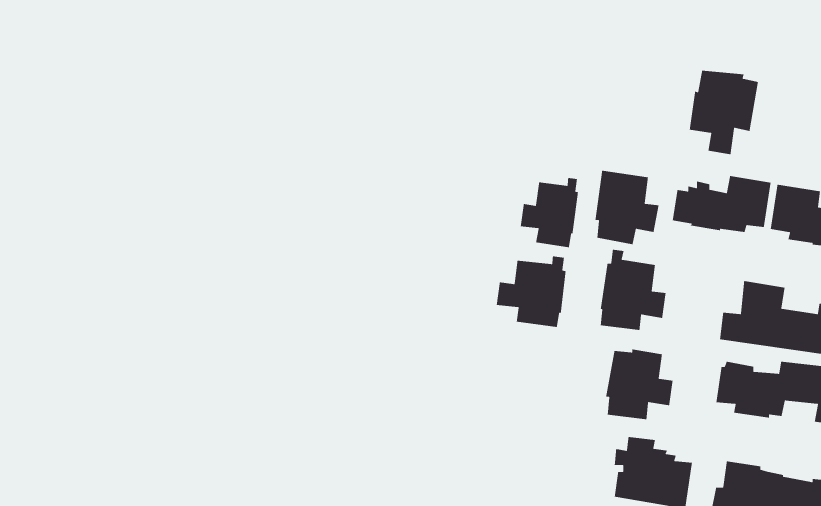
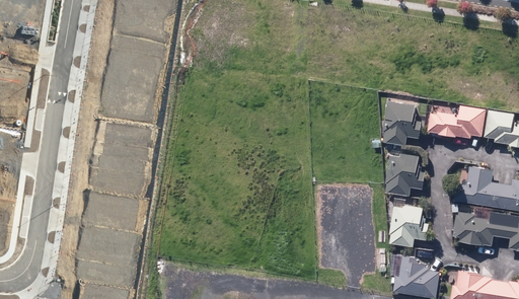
building: [689,70,759,155] -> none
building: [520,177,579,248] -> none
building: [496,256,567,328] -> none

